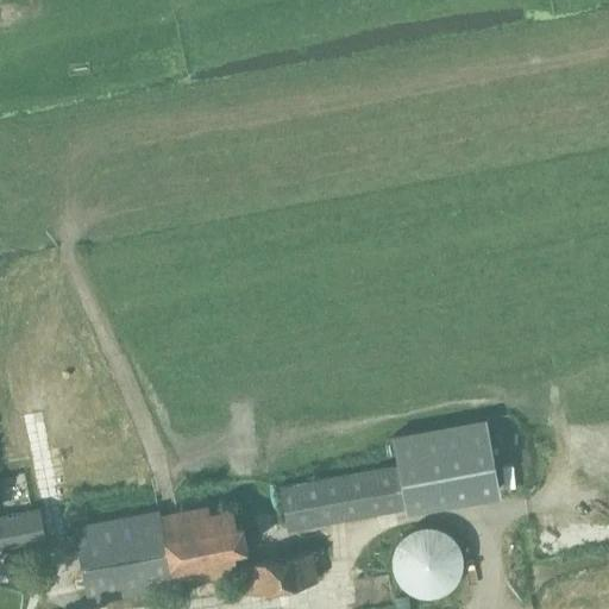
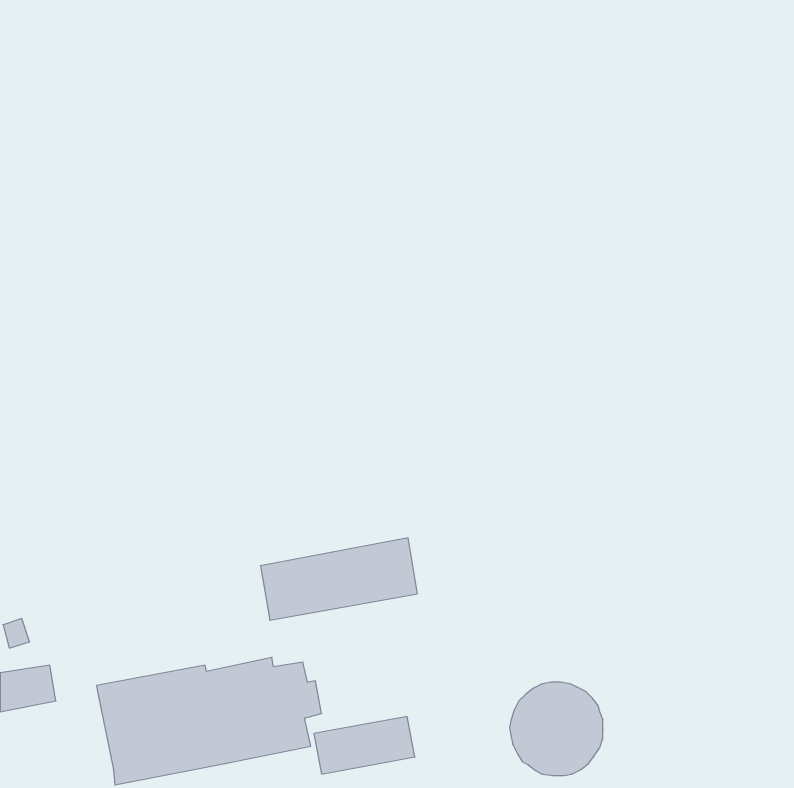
building: [397,415,502,509] -> none
building: [280,469,400,532] -> [260,538,417,620]

